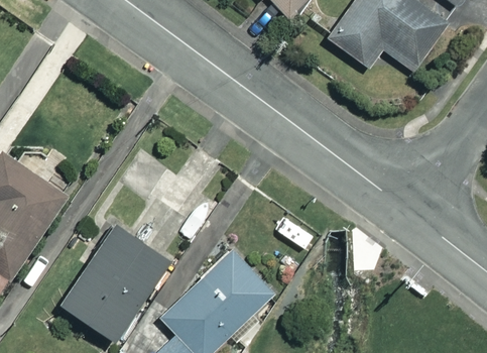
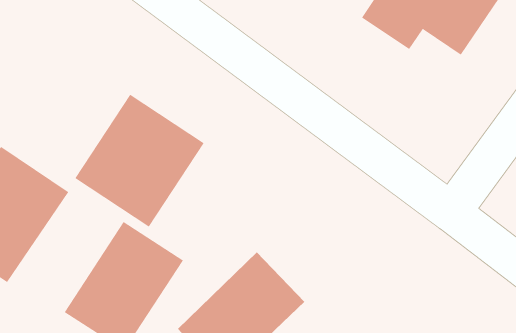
building: none -> [75,94,204,227]

